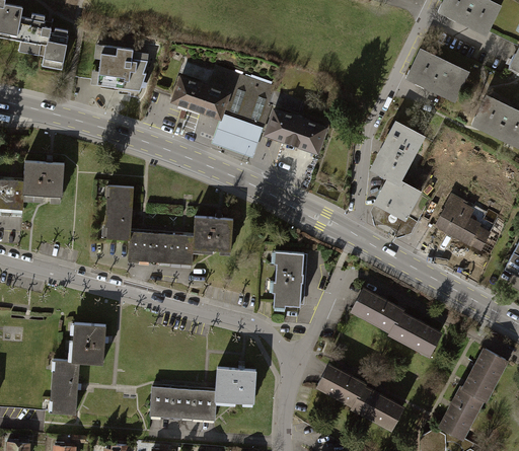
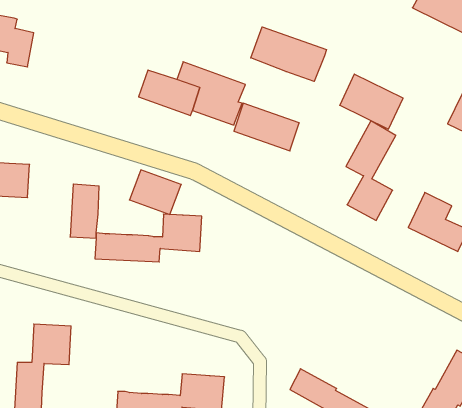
building: none -> [251,27,326,81]
building: [92,46,150,95] -> none
building: [407,49,469,102] -> [340,74,403,129]
building: [213,112,264,156] -> [129,170,181,214]
building: [275,251,304,305] -> none
building: [354,289,440,353] -> none

